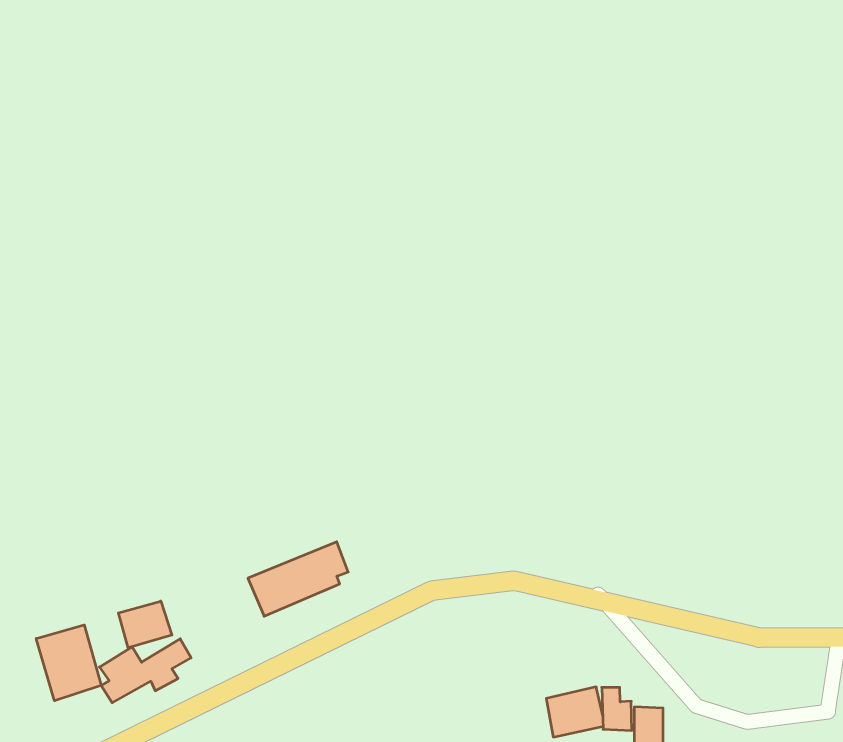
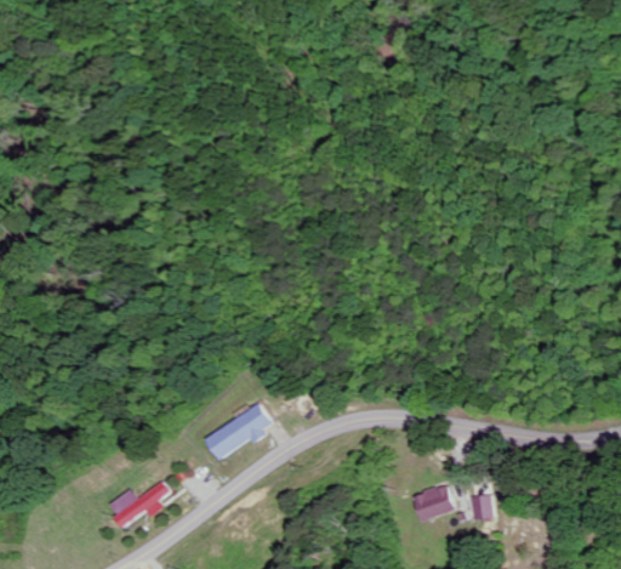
building: [118,601,172,648] -> none
building: [36,625,101,701] -> none

